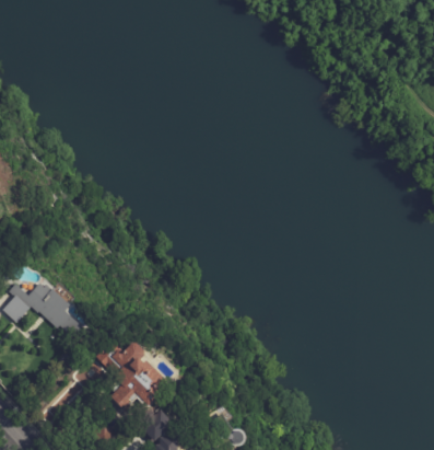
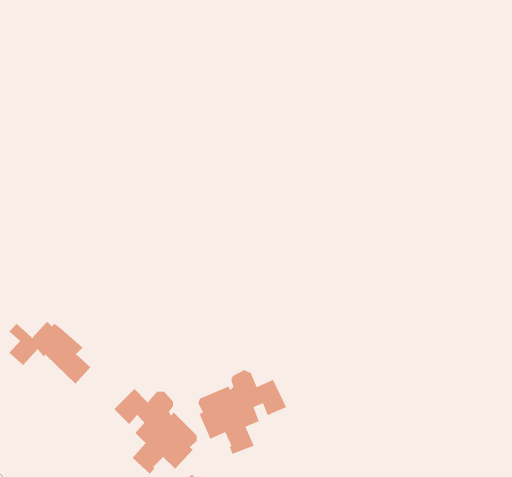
building: none -> [198,369,287,455]

